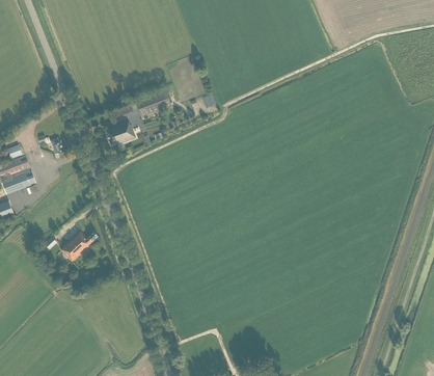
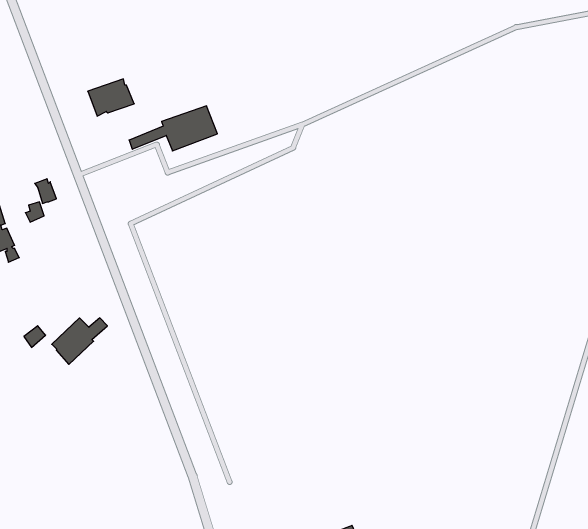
building: [105,120,136,145] -> [88,79,134,116]

